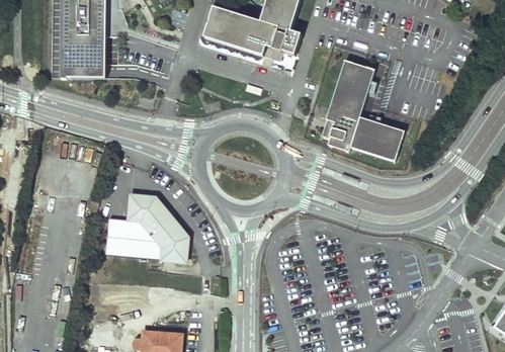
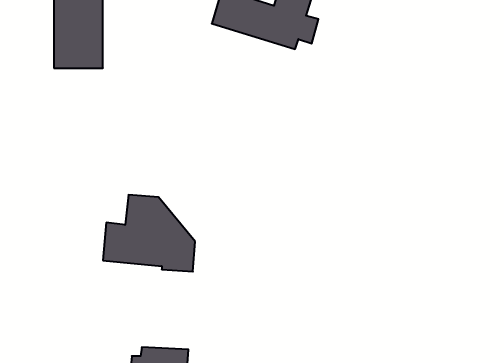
building: [320,61,404,162] -> none

